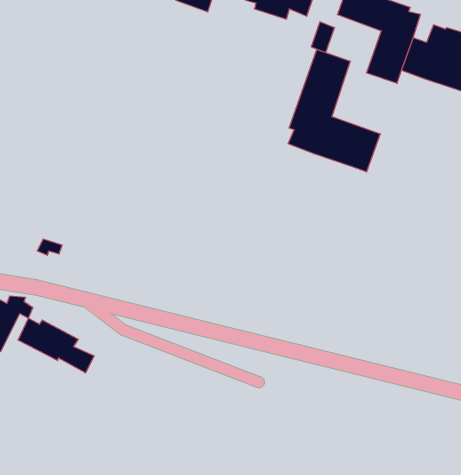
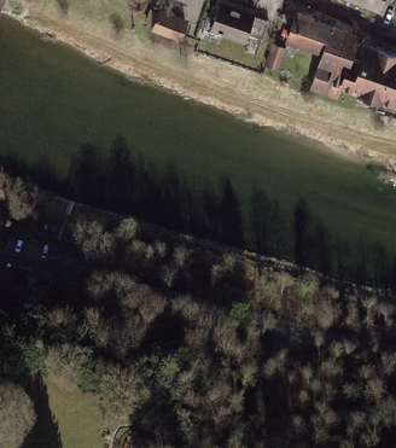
building: [288,49,380,172] -> none
building: [18,318,94,373] -> none

